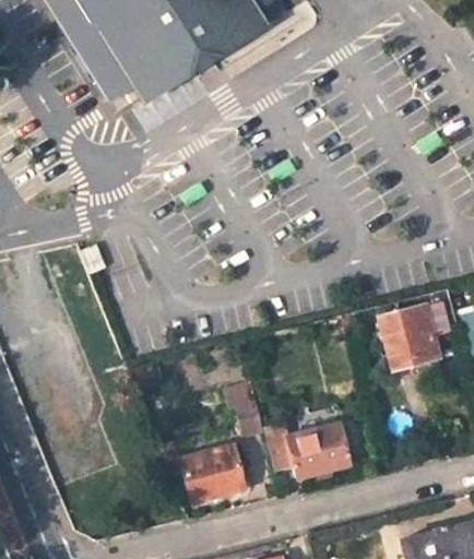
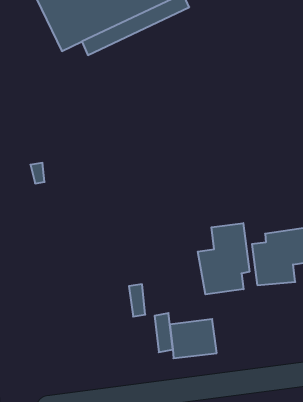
building: none -> [198,223,249,294]
building: [180,444,240,502] -> none

